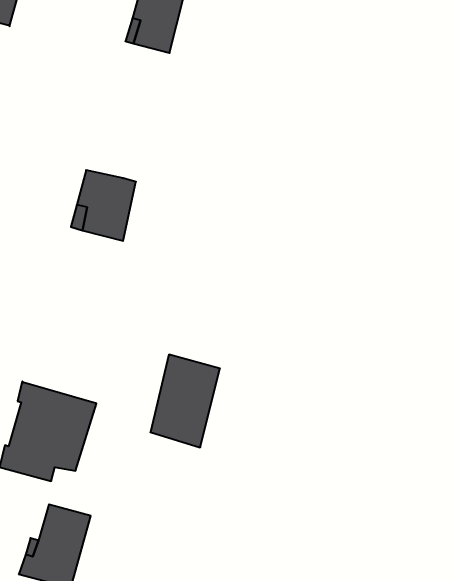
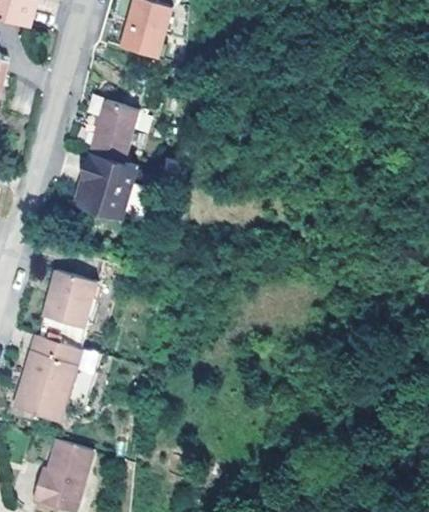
building: none -> [87,97,135,160]
building: [150,355,220,447] -> [46,249,106,329]

